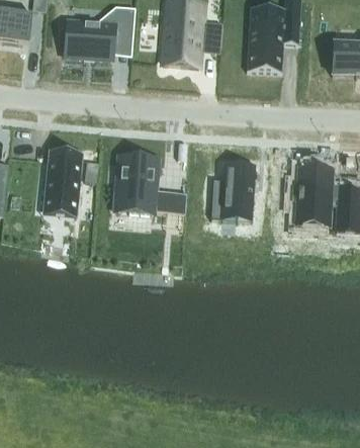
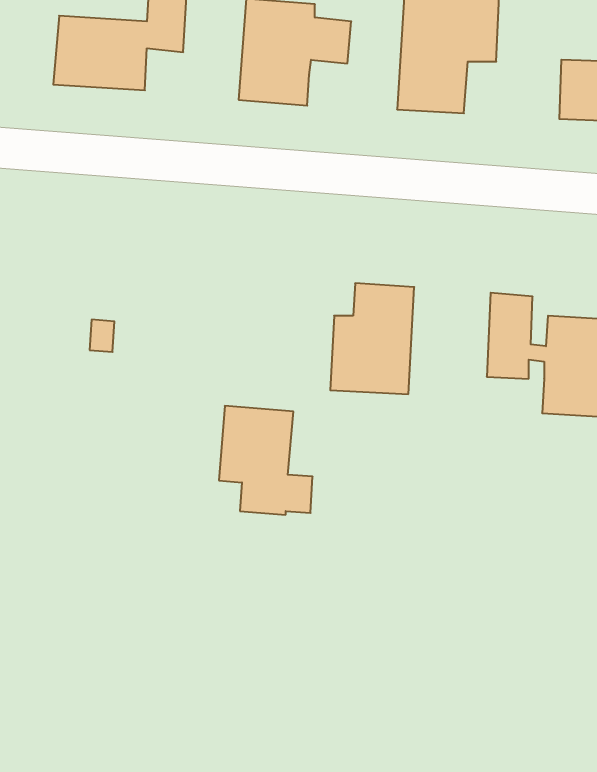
building: [42,147,84,215] -> none
building: [117,153,167,210] -> [219,406,313,515]

